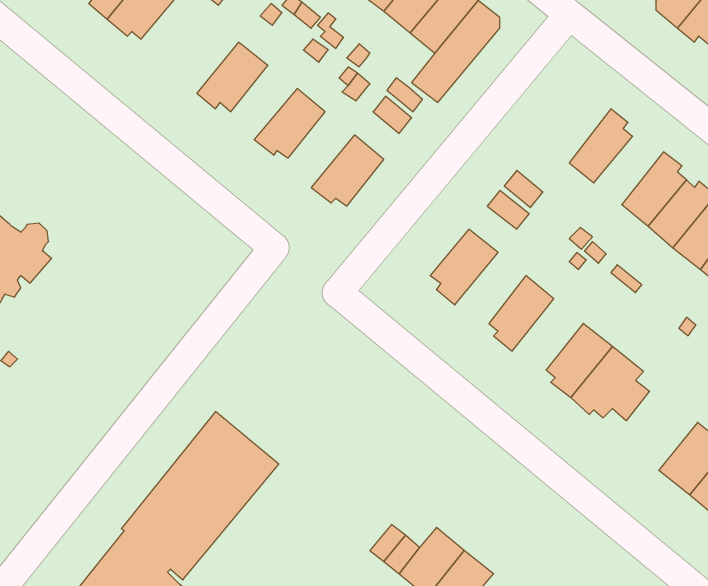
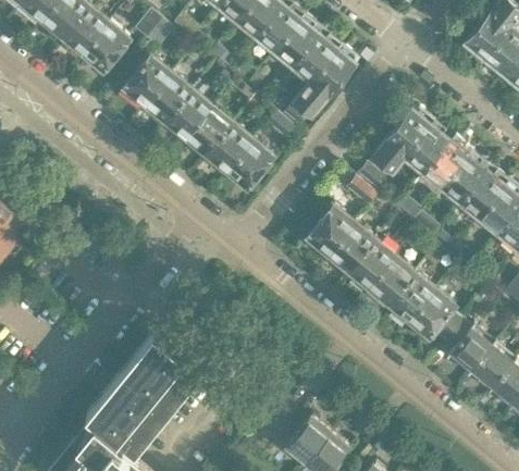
building: none -> [124,57,172,110]
building: none -> [166,90,213,142]
building: none -> [373,109,434,173]
building: none -> [207,123,254,176]
building: none -> [422,140,471,188]
building: none -> [324,222,374,272]
building: none -> [364,255,415,305]
building: none -> [445,320,495,375]

